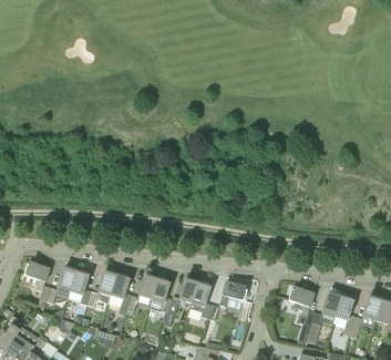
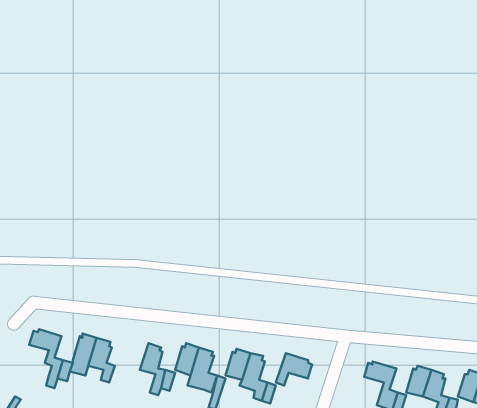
building: [88,270,119,307] -> none

